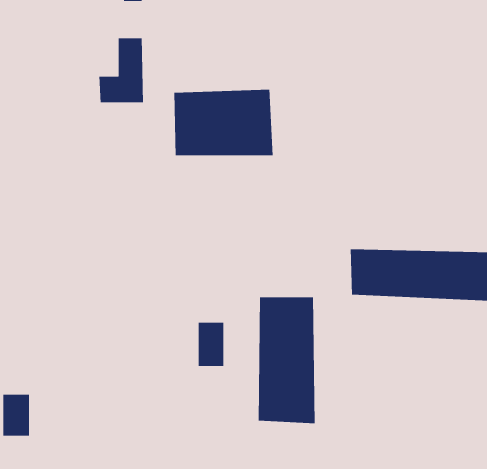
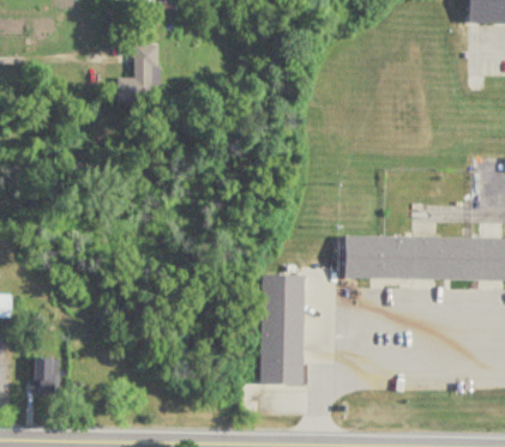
building: [174,89,274,156] -> none
building: [198,322,224,367] -> none

